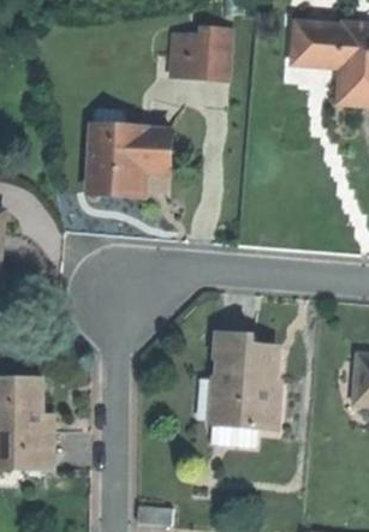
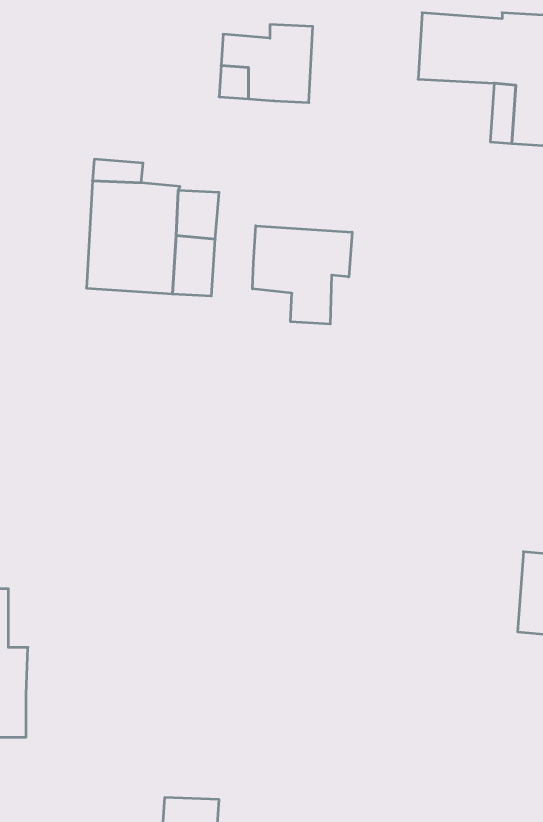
building: none -> [253,226,352,324]
building: [209,331,274,429] -> none

